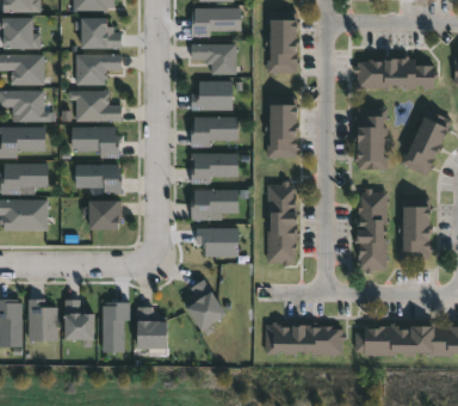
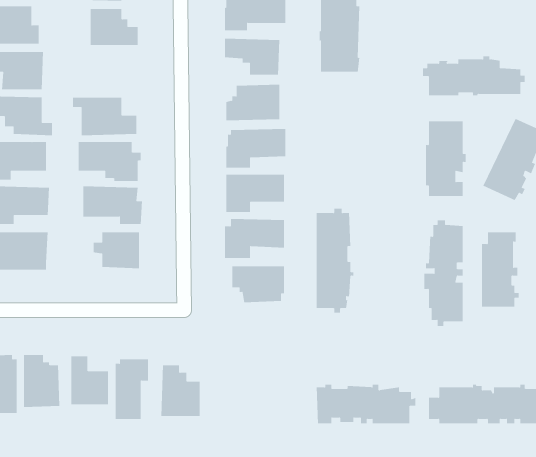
building: [76,54,122,85] -> none
building: [265,96,302,158] -> none
building: [190,277,230,336] -> none

